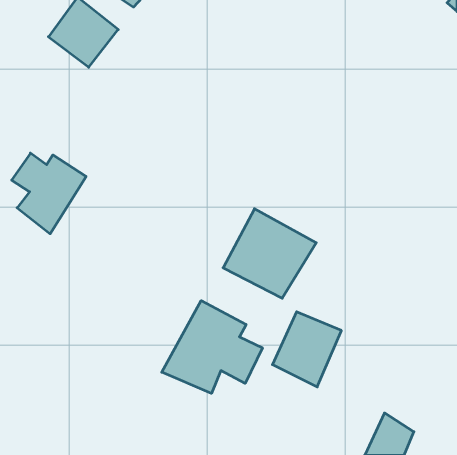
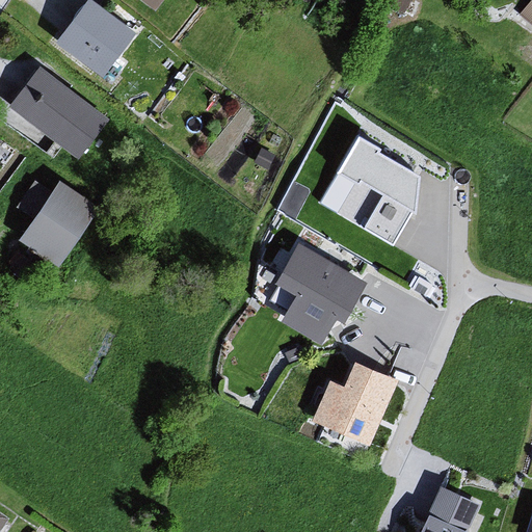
building: none -> [8,68,107,158]
building: none -> [318,132,422,245]
building: [162,301,262,393] -> none

